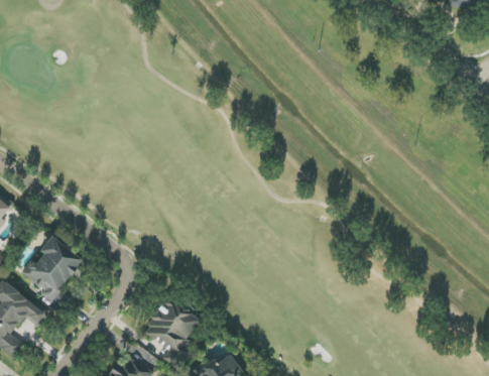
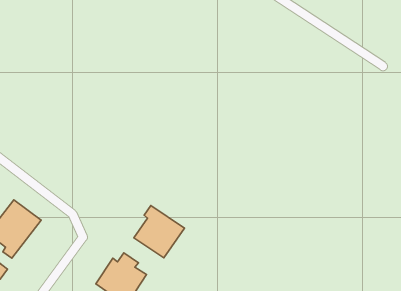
building: none -> [134,206,184,258]

